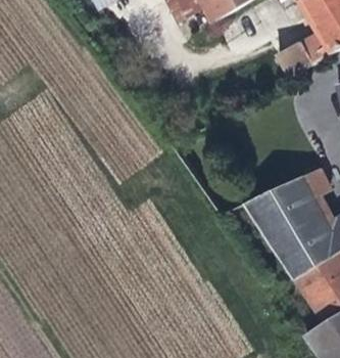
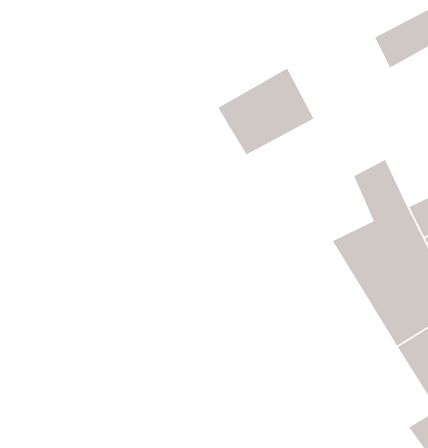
building: none -> [217,67,314,156]

